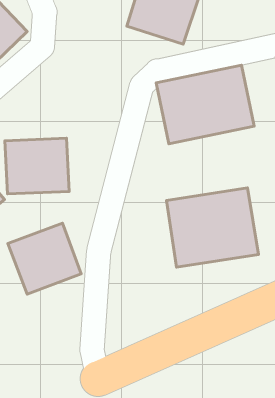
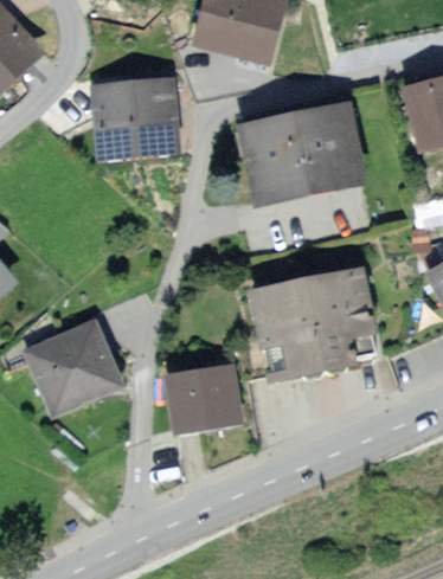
building: [5,138,69,194] -> [92,79,182,157]
building: none -> [160,364,240,432]

